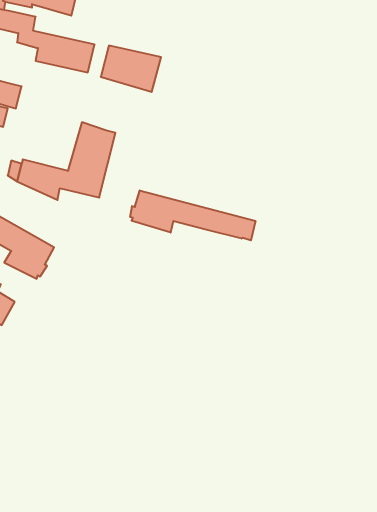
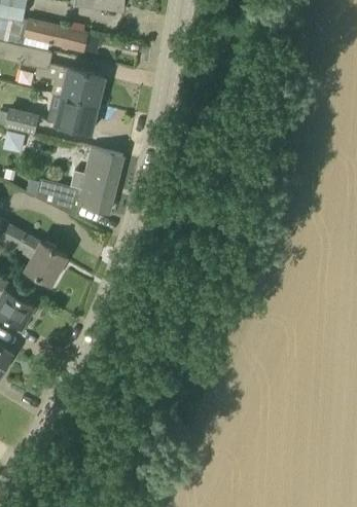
building: [101,46,161,92] -> [44,92,98,133]
building: [130,190,255,240] -> none

